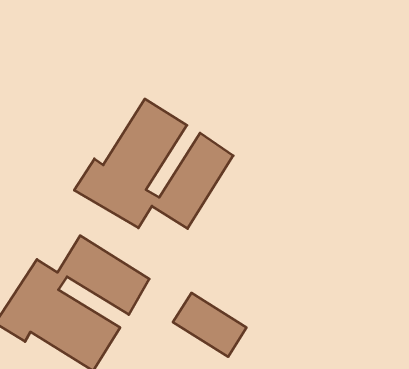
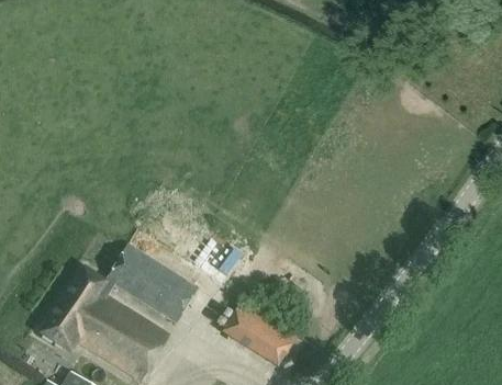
building: [74,99,233,229] -> none

